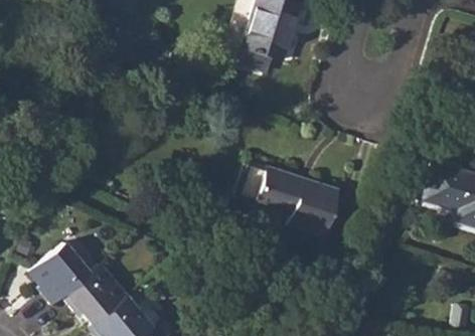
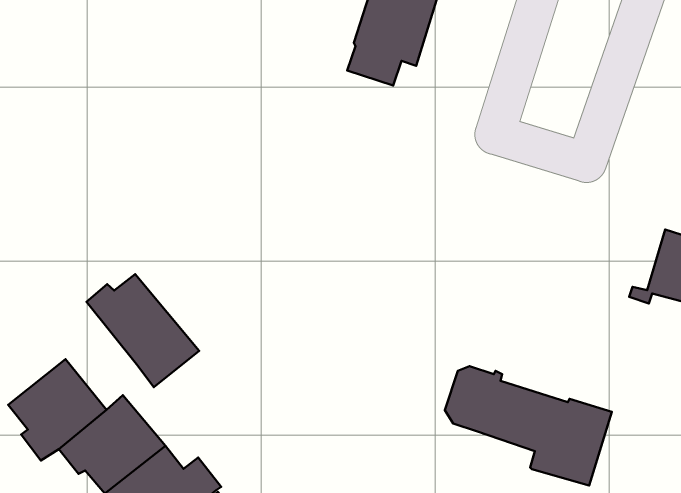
building: [236,162,339,235] -> [445,366,612,486]
building: none -> [86,274,199,387]

